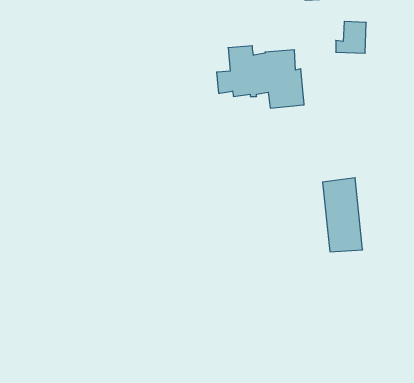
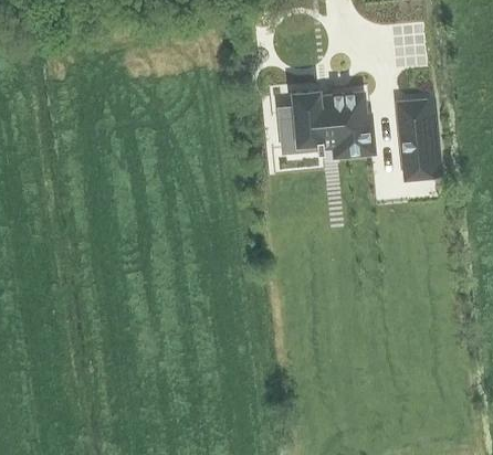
building: [323,178,363,252] -> [397,99,439,177]

